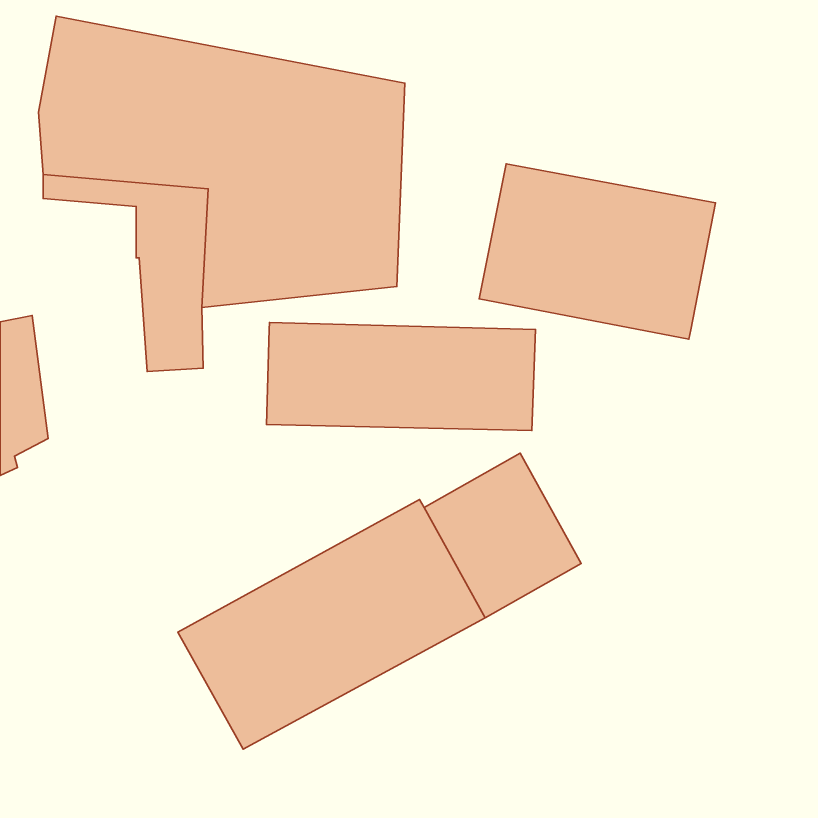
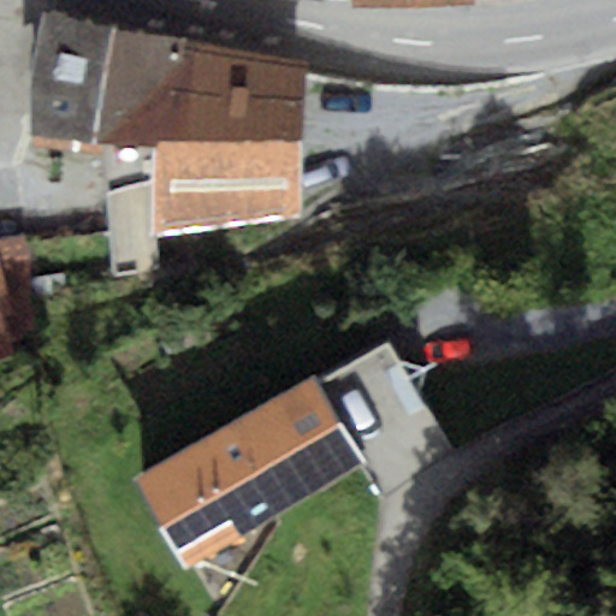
building: [479,164,715,339] -> none
building: [266,322,536,431] -> none

